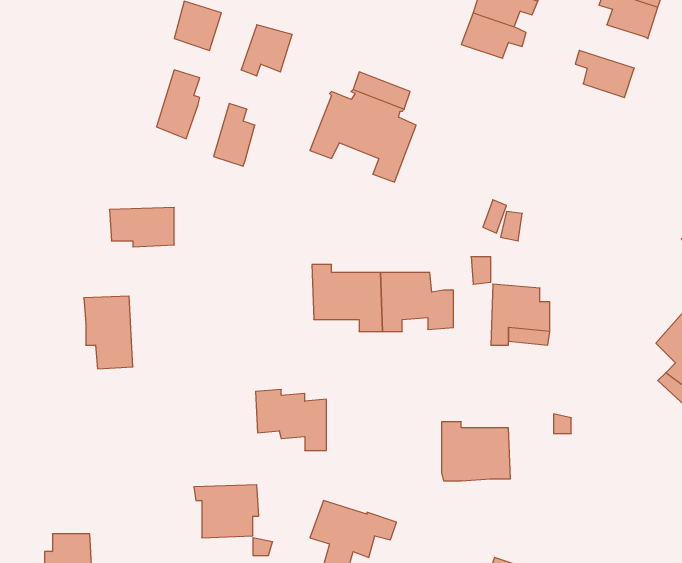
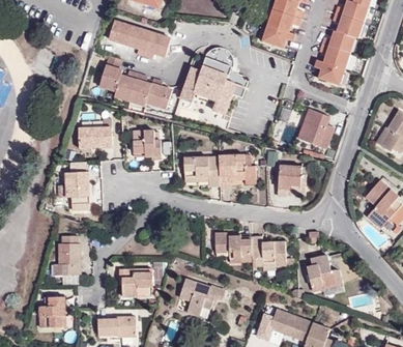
building: none -> [128,23,153,53]
building: none -> [323,28,357,52]
building: none -> [316,58,347,83]
building: none -> [115,67,139,98]
building: none -> [147,76,173,107]
building: none -> [298,108,336,148]
building: none -> [129,129,163,165]
building: [256,389,326,450] -> [213,233,251,265]
building: none -> [53,238,81,278]
building: none -> [308,255,344,296]

